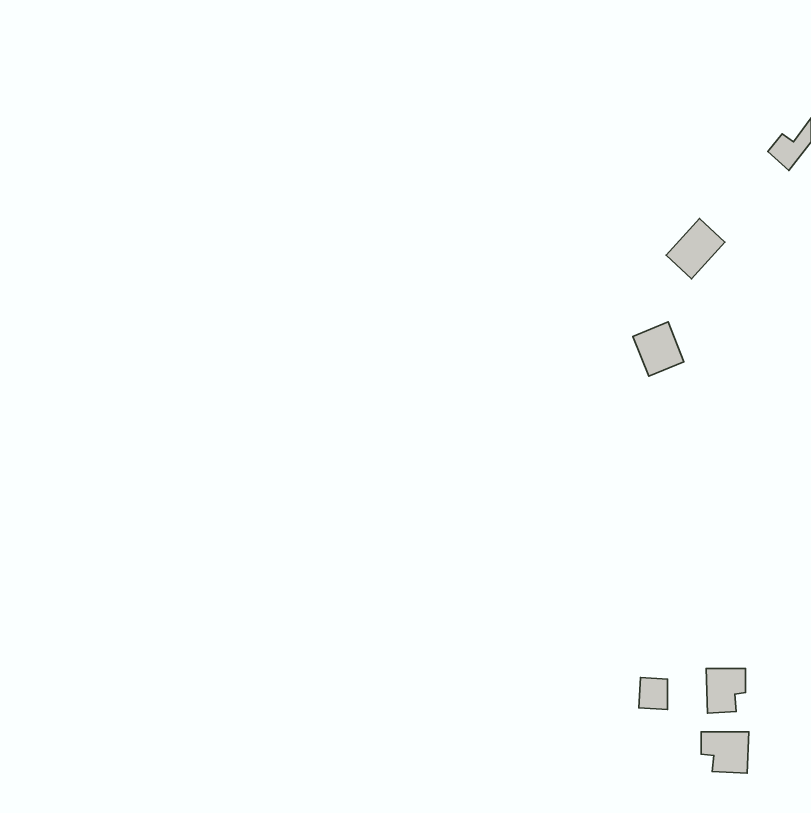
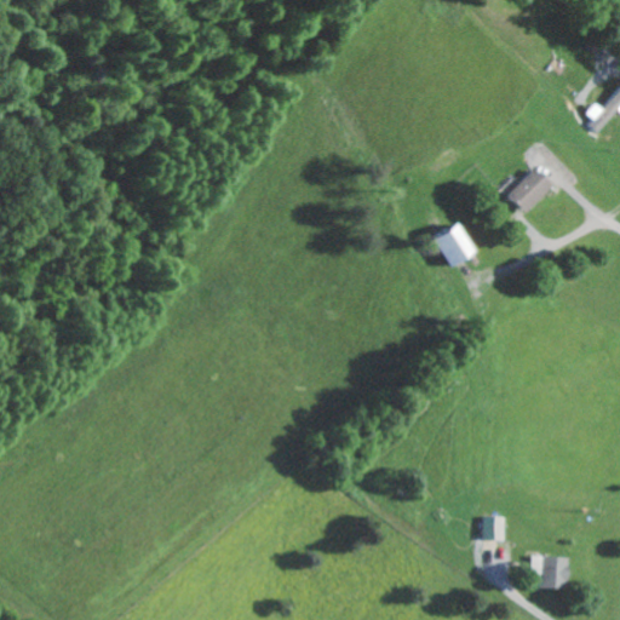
building: [633,322,684,376] -> [435,225,473,266]
building: [706,668,745,713] -> none

